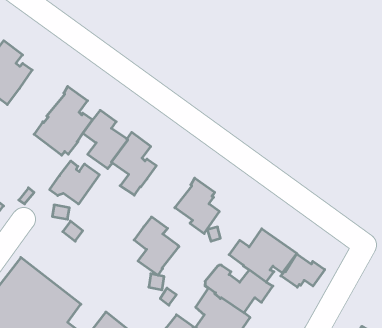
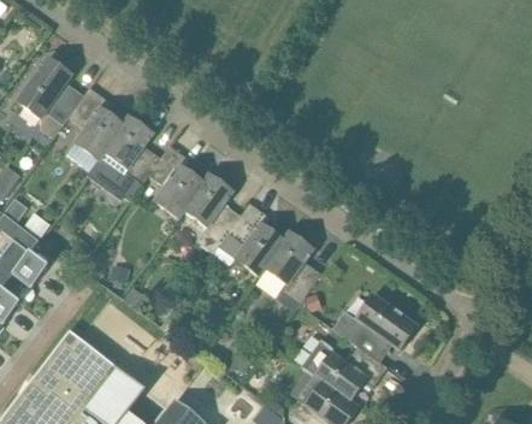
building: none -> [67,87,124,160]
building: [50,161,99,204] -> none
building: [134,217,179,275] -> [227,202,284,276]
building: [281,254,325,287] -> none

